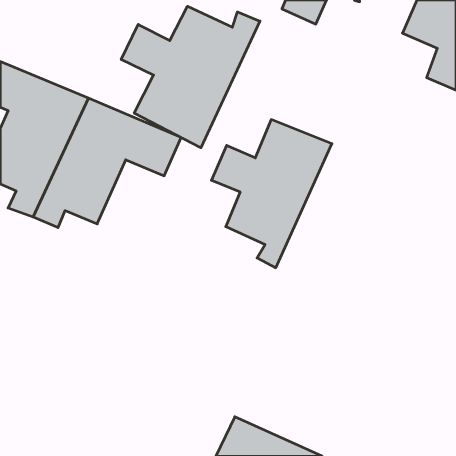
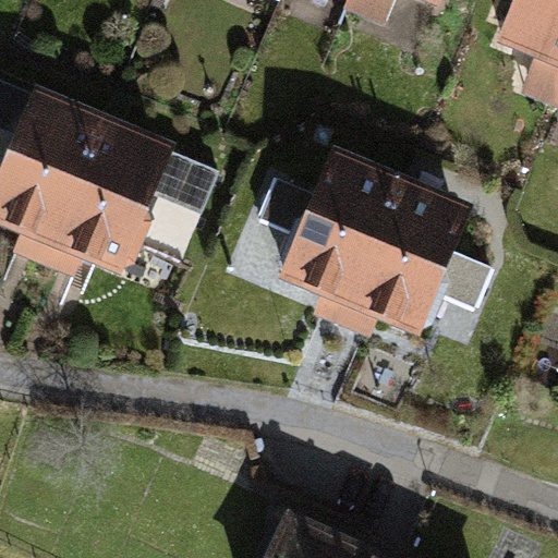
building: [121,6,260,148] -> none
building: none -> [337,175,490,339]

